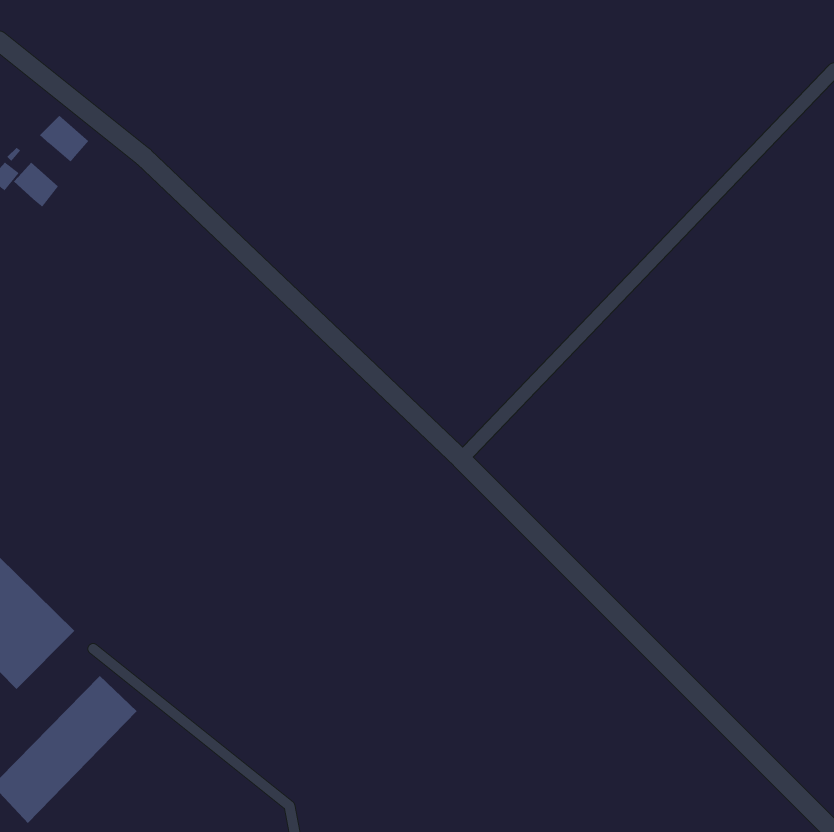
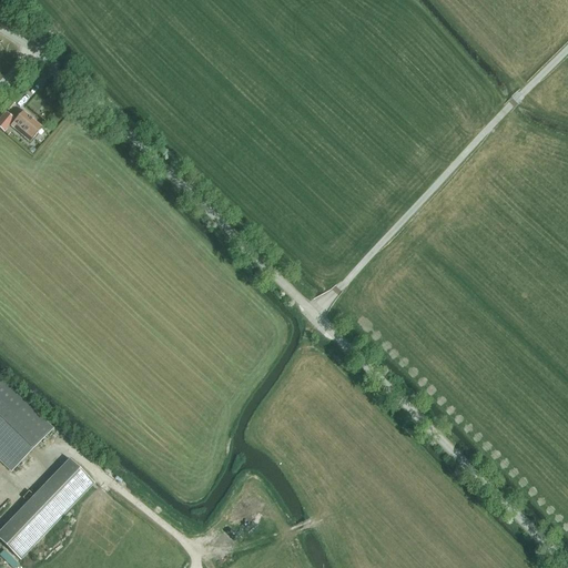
building: [39,115,89,163] -> none

